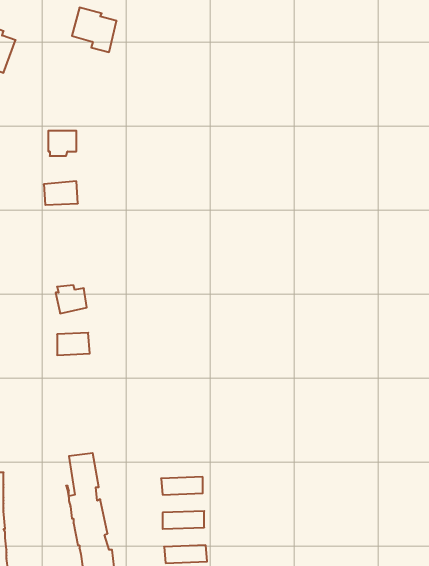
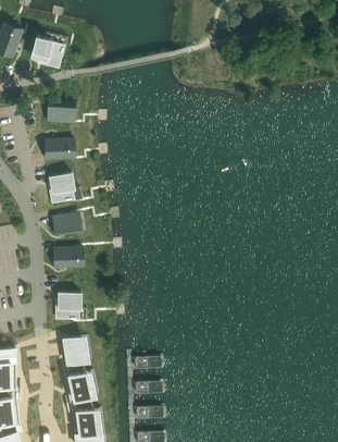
building: [72,8,117,52] -> [32,35,64,67]
building: none -> [50,171,76,201]
building: none -> [57,292,82,318]

